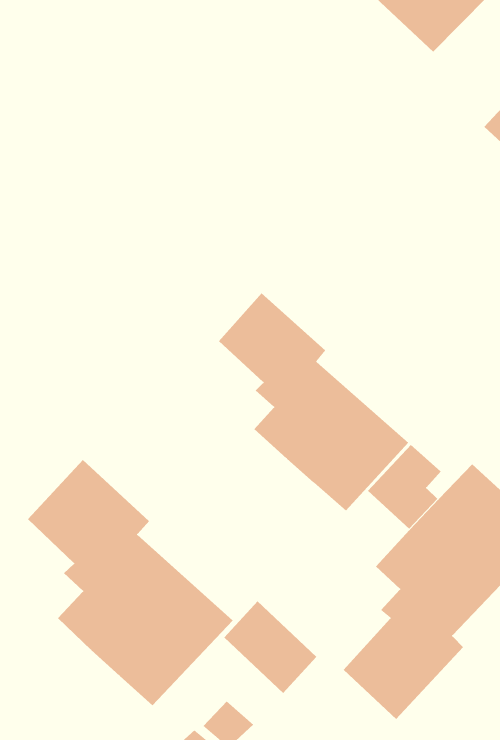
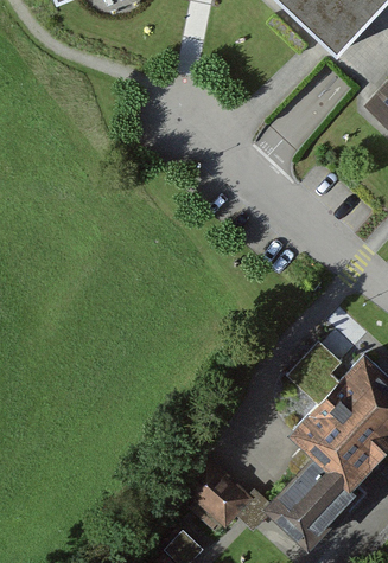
building: [218,293,409,512] -> none
building: [27,459,234,706] -> none

